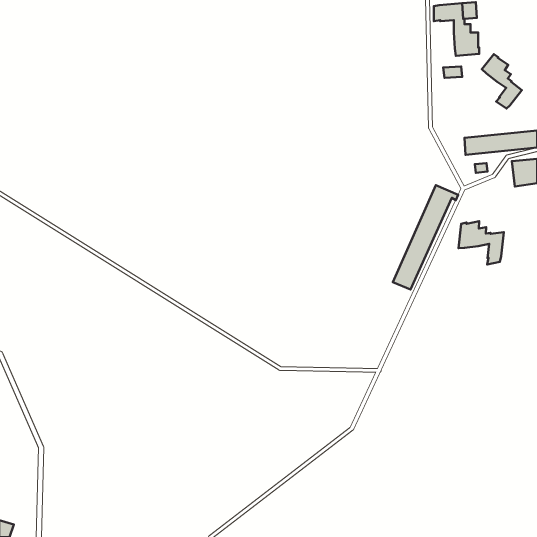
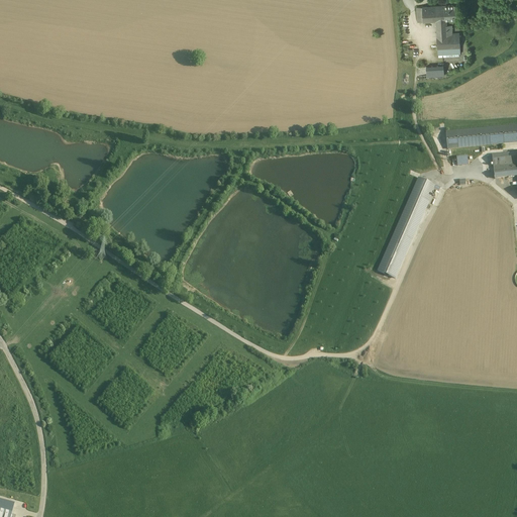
building: [482,54,522,109] -> none
building: [458,221,504,265] -> none

